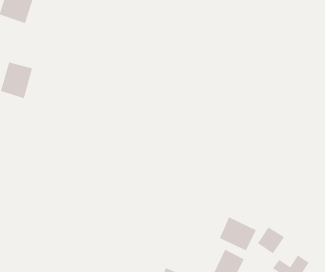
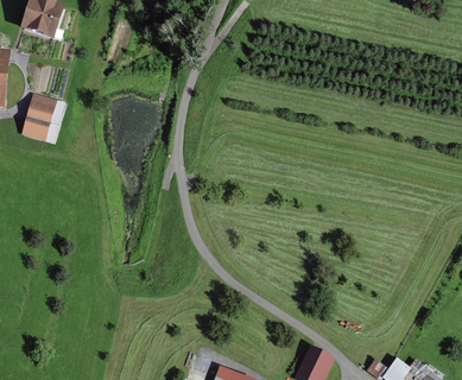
building: [219,217,257,251] -> none
building: [257,226,285,254] -> none

